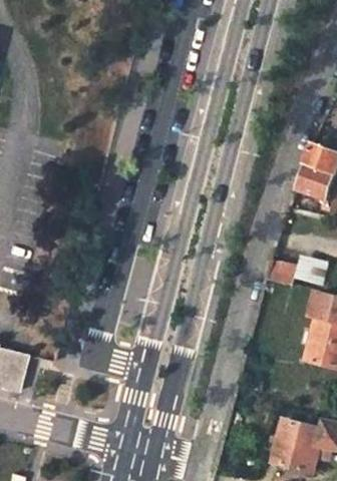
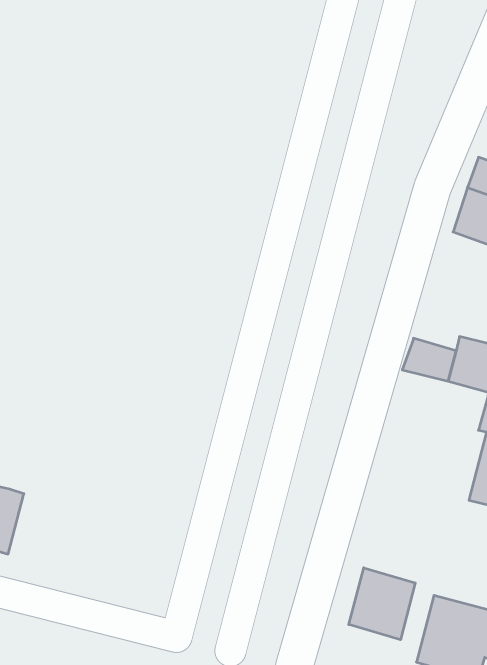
building: none -> [349,568,415,640]

